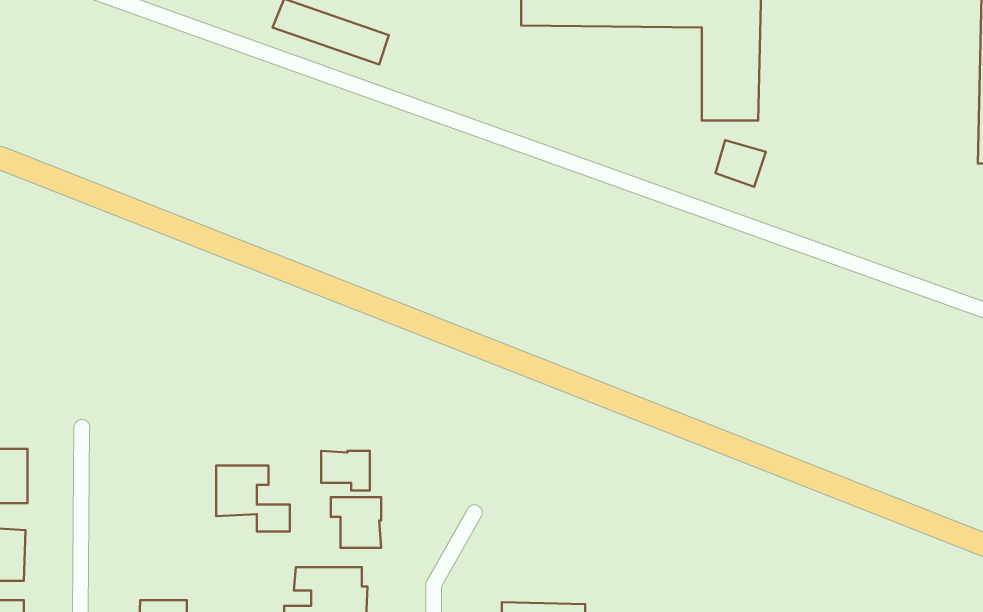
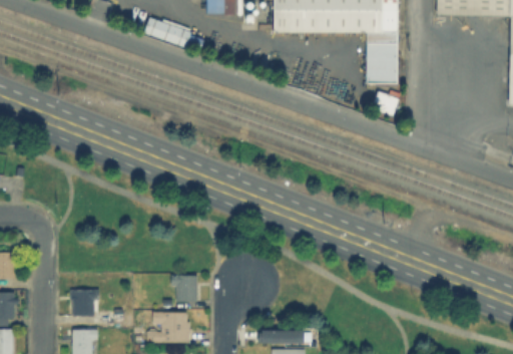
building: [321,451,370,490] -> none
building: [216,466,290,532] -> [72,288,110,322]

